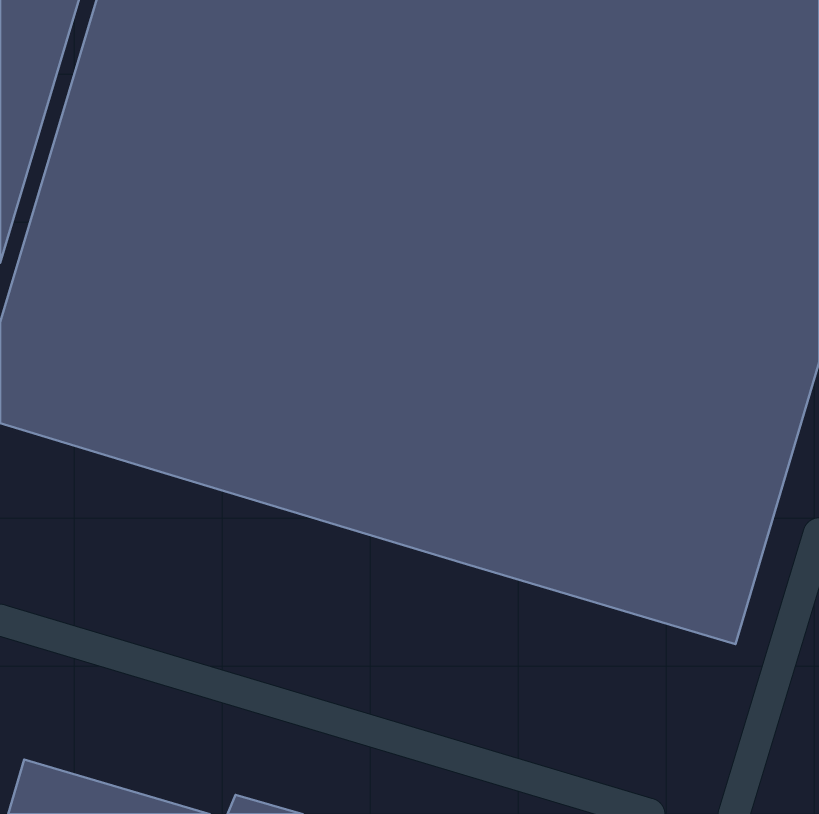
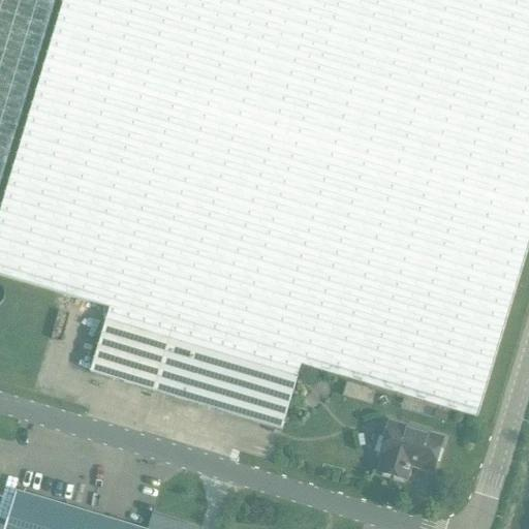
building: none -> [90,306,301,428]
building: none -> [377,422,440,477]

